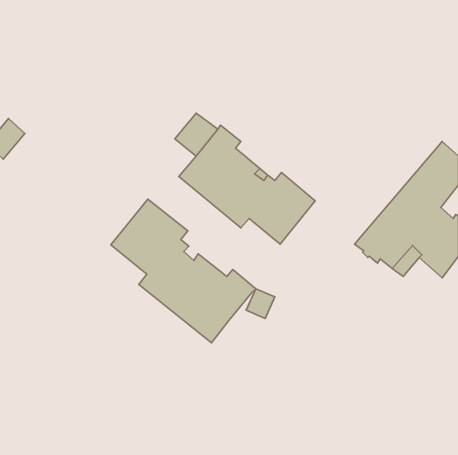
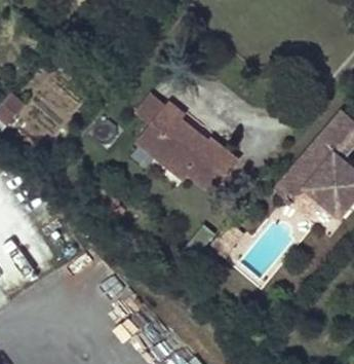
building: [111,199,256,343] -> none

